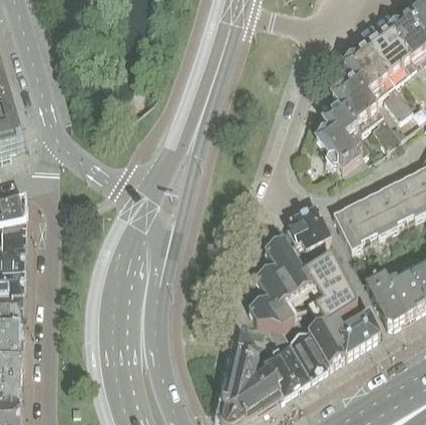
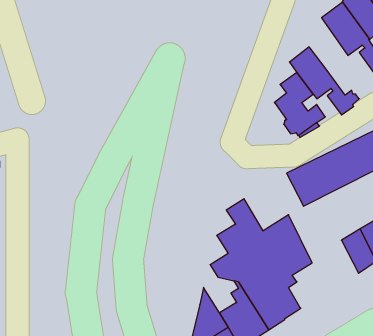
building: [344,45,413,119] -> none
building: [286,204,330,251] -> none
building: [364,270,406,328] -> none
building: [332,302,379,355] -> none

